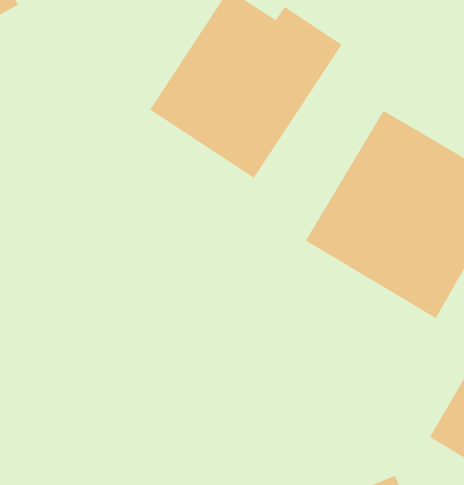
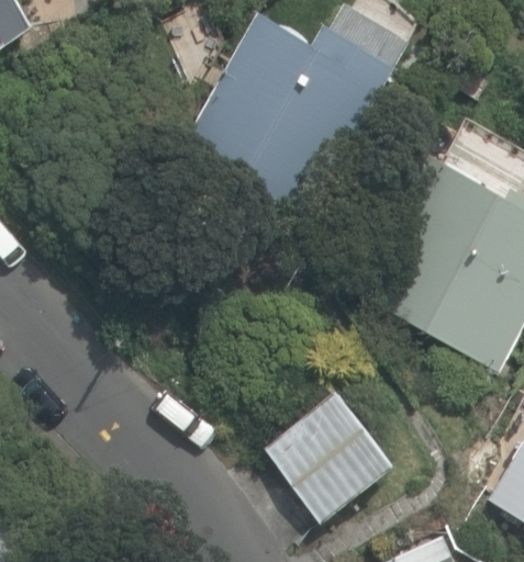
building: none -> [267,391,399,520]

